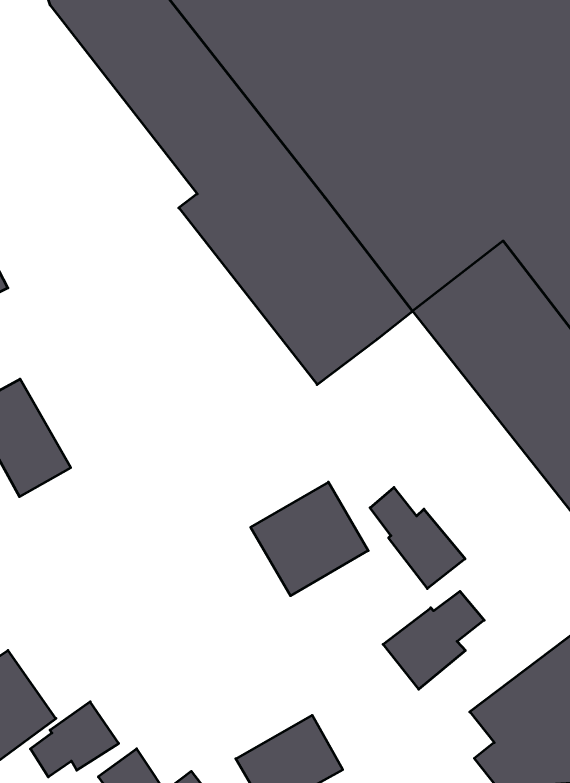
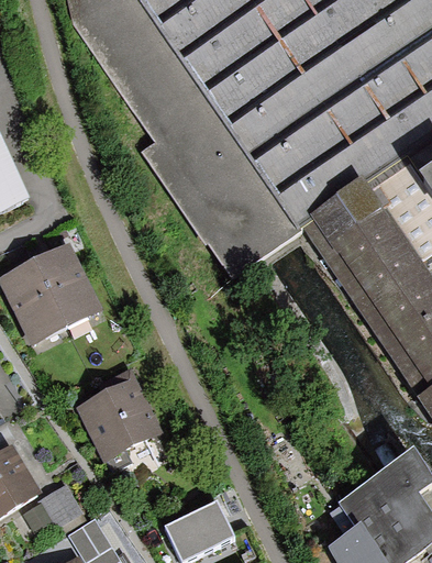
building: none -> [33,243,99,322]
building: [251,482,368,596] -> [78,379,157,455]
building: [370,487,465,589] -> none
building: [383,591,484,689] -> none

